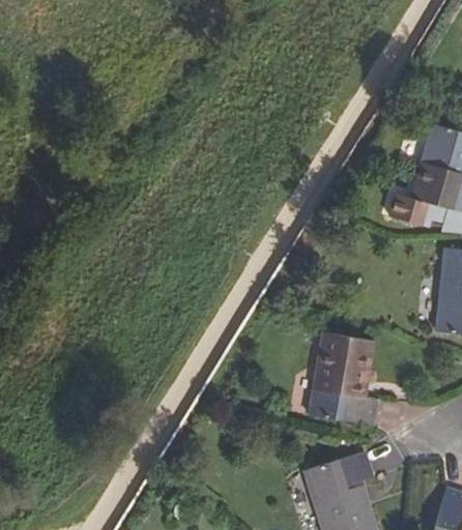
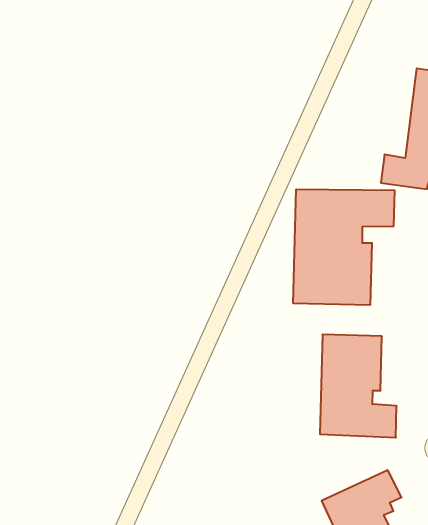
building: none -> [293,189,395,305]

